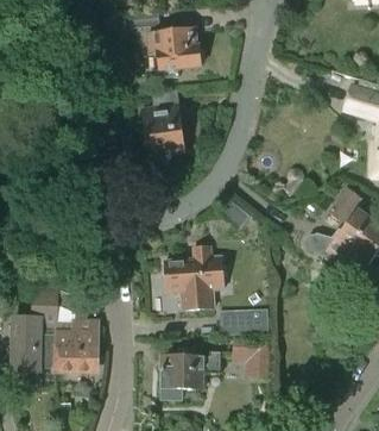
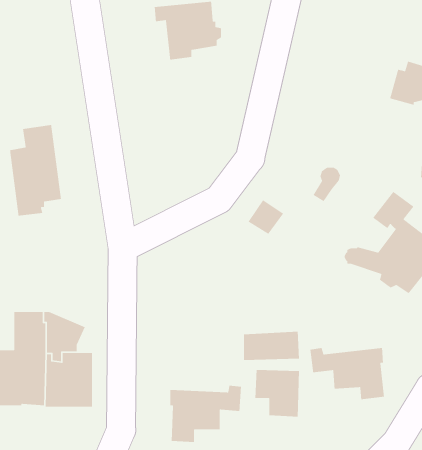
building: [140,88,184,165] -> [9,124,62,216]
building: [164,245,223,311] -> none
building: none -> [309,347,385,400]

